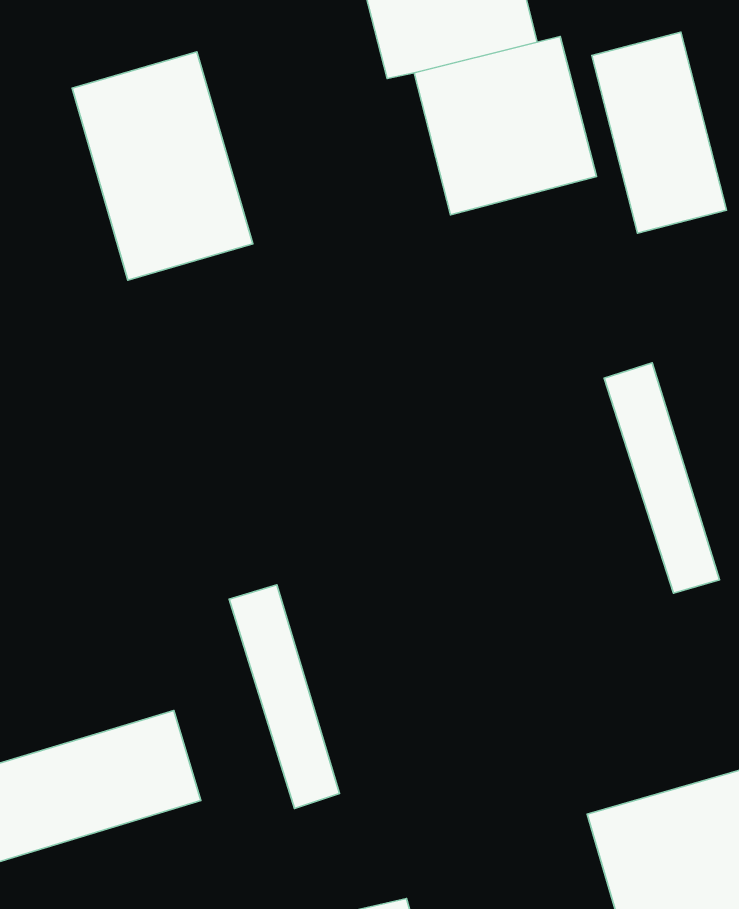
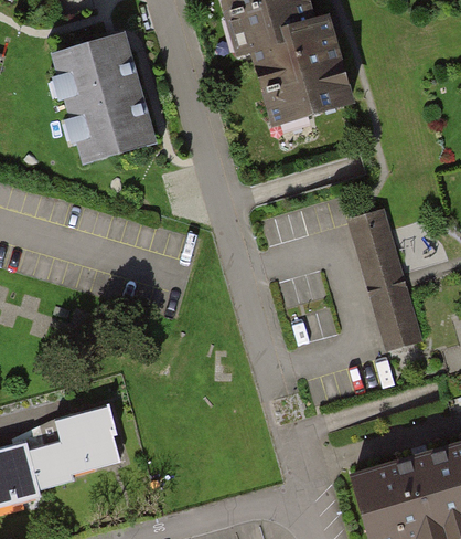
building: [592,32,726,233] -> none
building: [229,585,340,808] -> none

